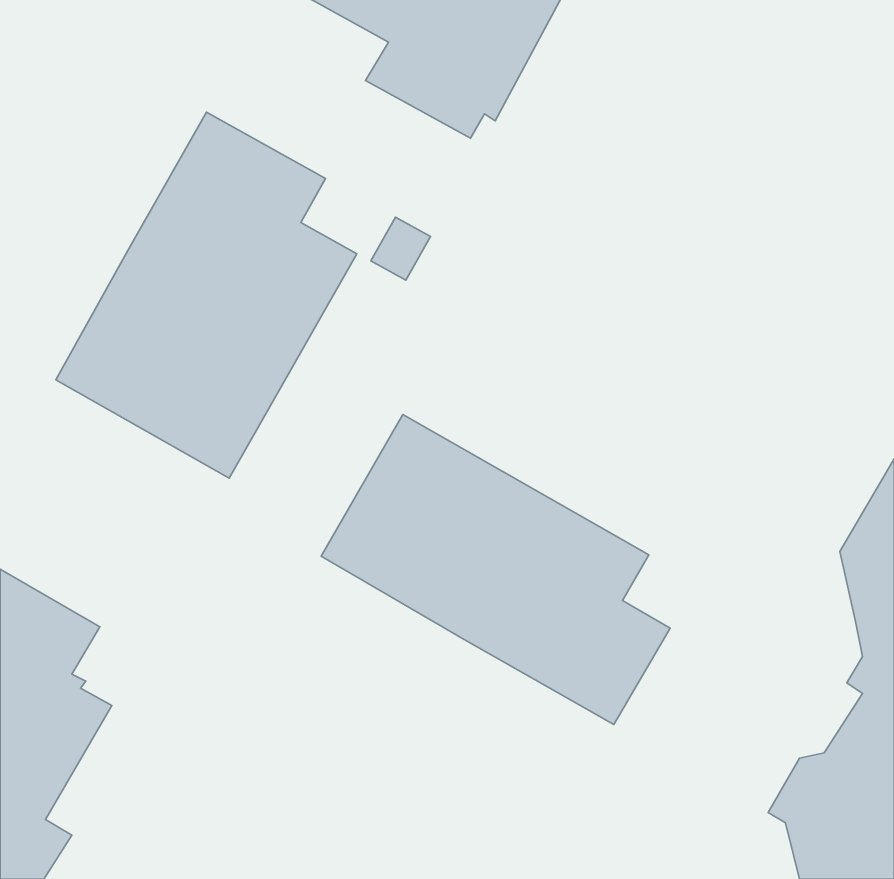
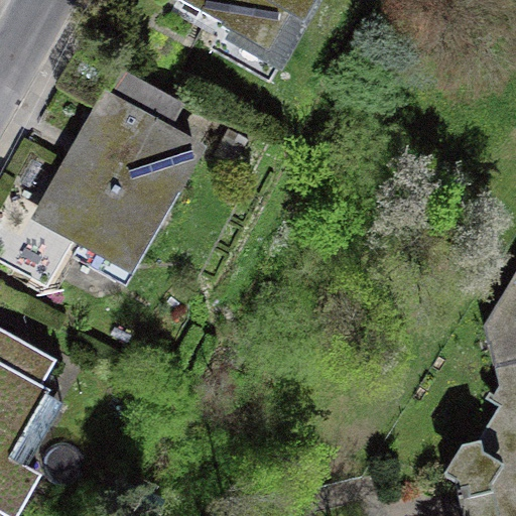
building: [321,415,670,725] -> none

